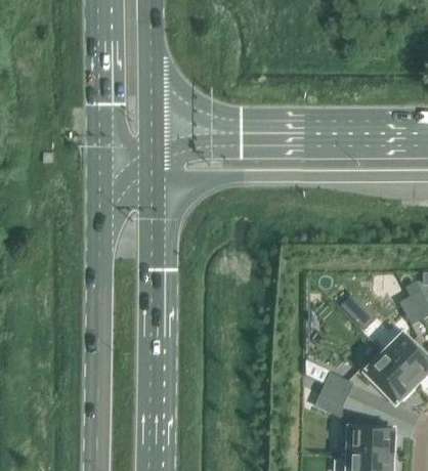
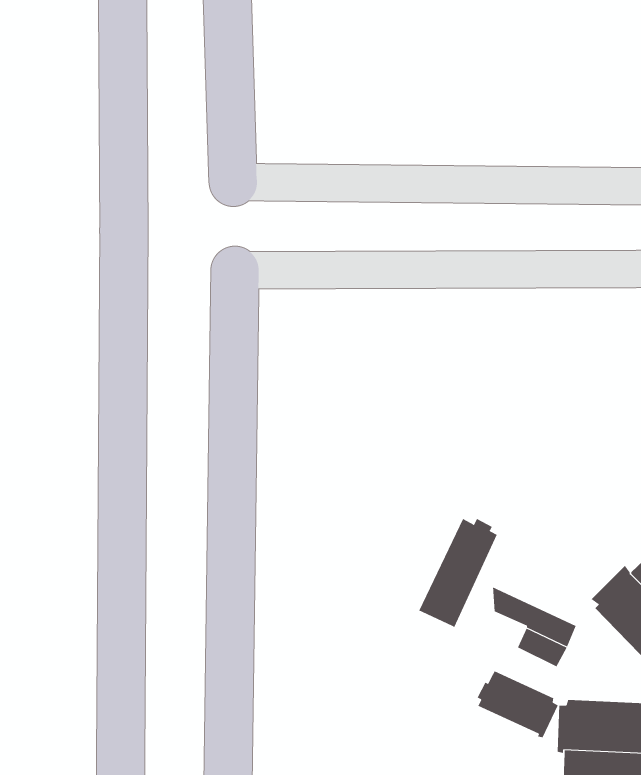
building: none -> [419,518,498,628]
building: none -> [477,671,559,738]

